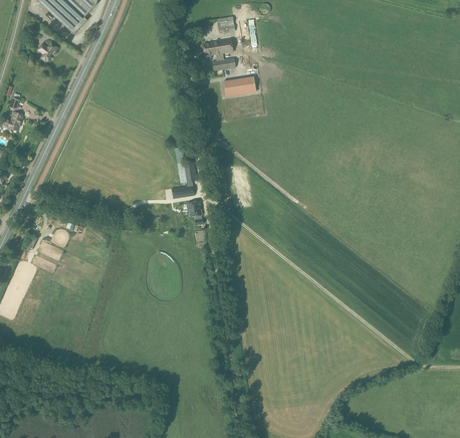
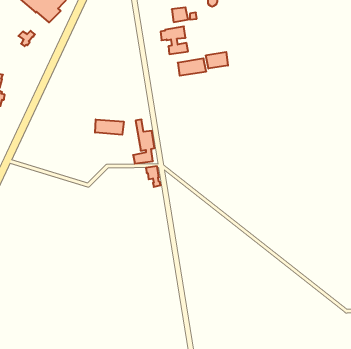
building: none -> [206,52,228,69]
building: none -> [95,119,124,135]

